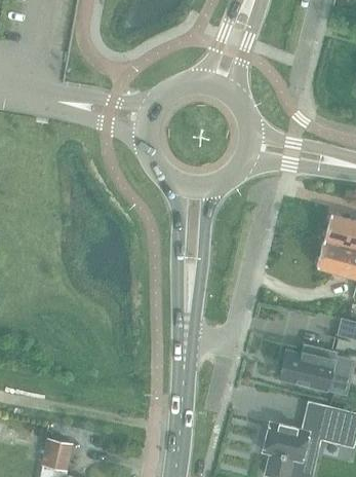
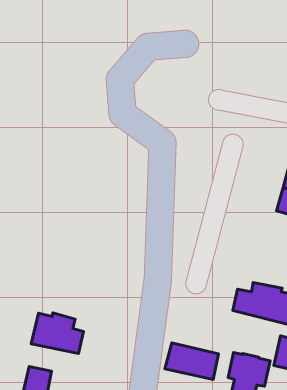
building: none -> [31,313,84,354]
building: none -> [165,343,219,379]

